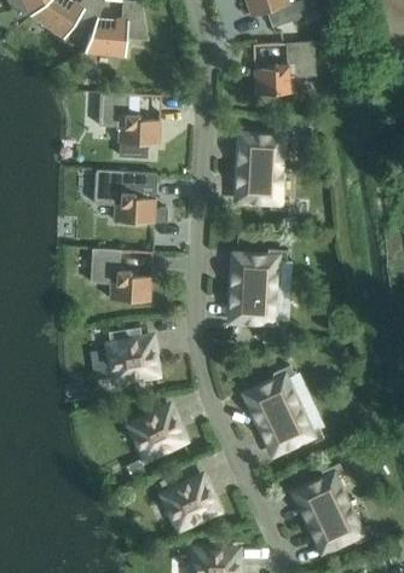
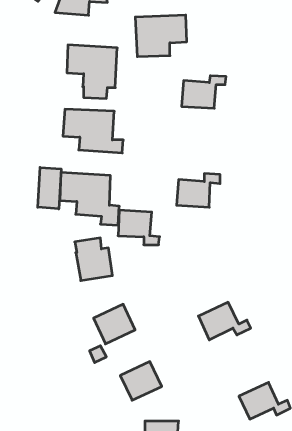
building: [250,41,313,92] -> [135,15,187,57]
building: [236,166,287,209] -> none
building: none -> [38,167,61,209]
building: [230,286,281,329] -> [118,210,160,245]
building: [244,364,294,422] -> none
building: [294,462,344,520] -> none

